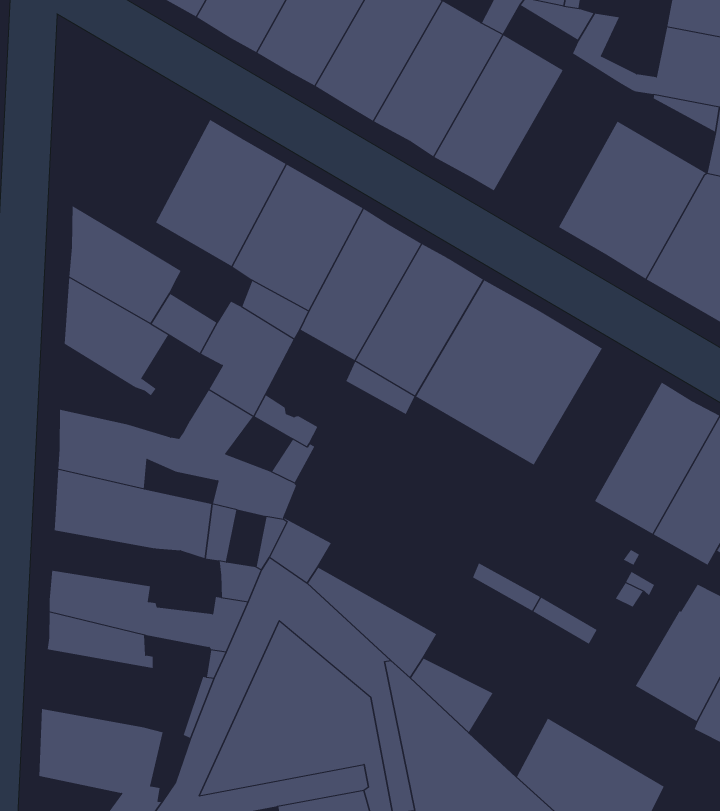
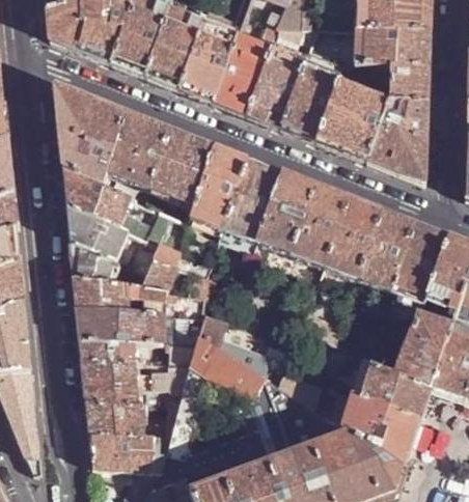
building: none -> [56,86,128,185]
building: none -> [281,61,341,140]
building: none -> [71,242,116,278]
building: none -> [325,199,384,279]
building: none -> [81,339,149,360]
building: none -> [87,401,144,434]
building: none -> [353,360,431,421]

